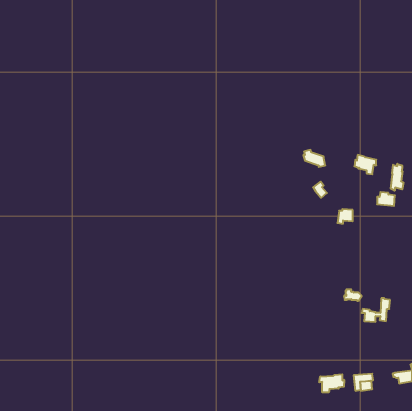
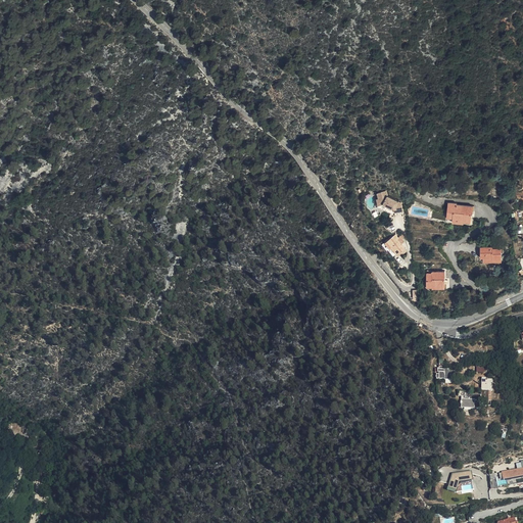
building: [391,164,403,191] -> none
building: [319,374,344,392] -> none

